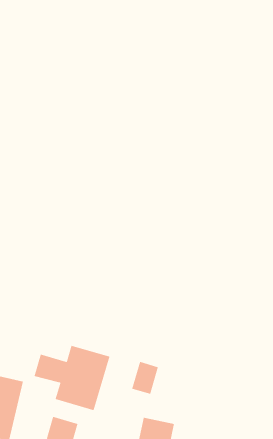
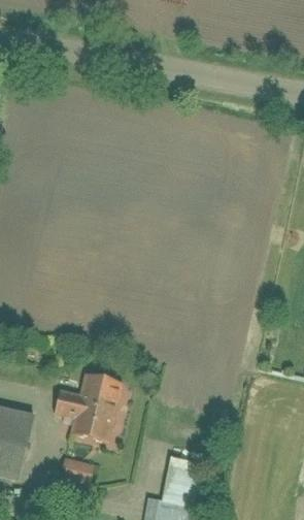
building: [131,361,159,395] -> none

